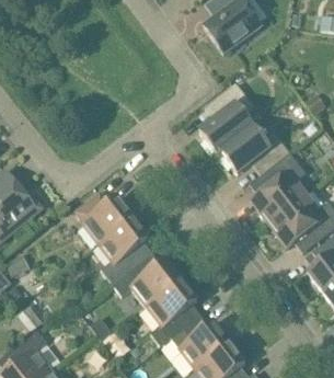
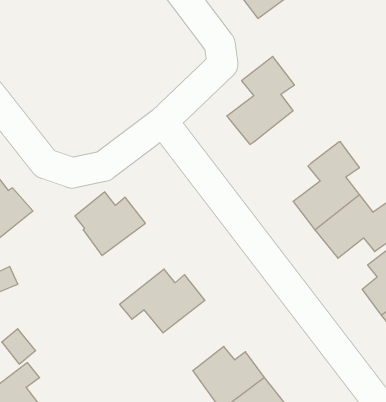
building: [221,127,290,174] -> none
building: [99,218,150,284] -> none
building: [148,280,198,346] -> none

